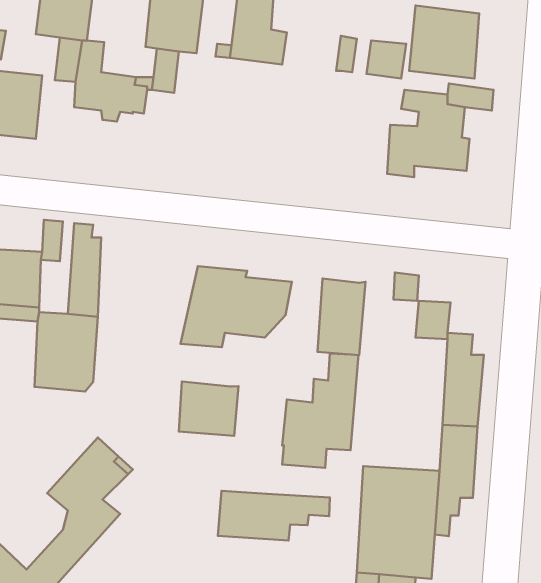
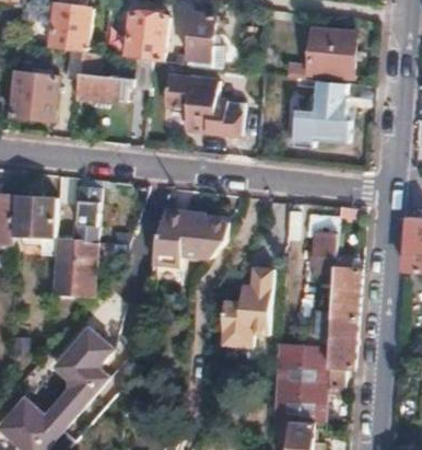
building: none -> [164,76,226,134]
building: [317,278,366,355] -> none
building: [179,381,239,436] -> none
building: [218,491,330,541] -> none

